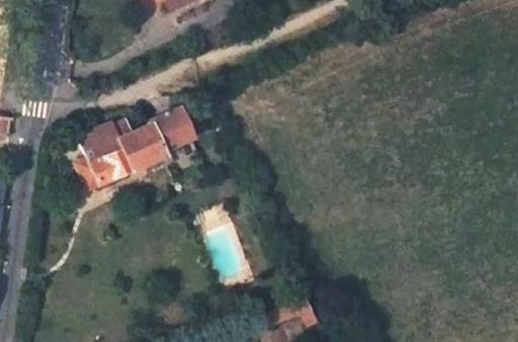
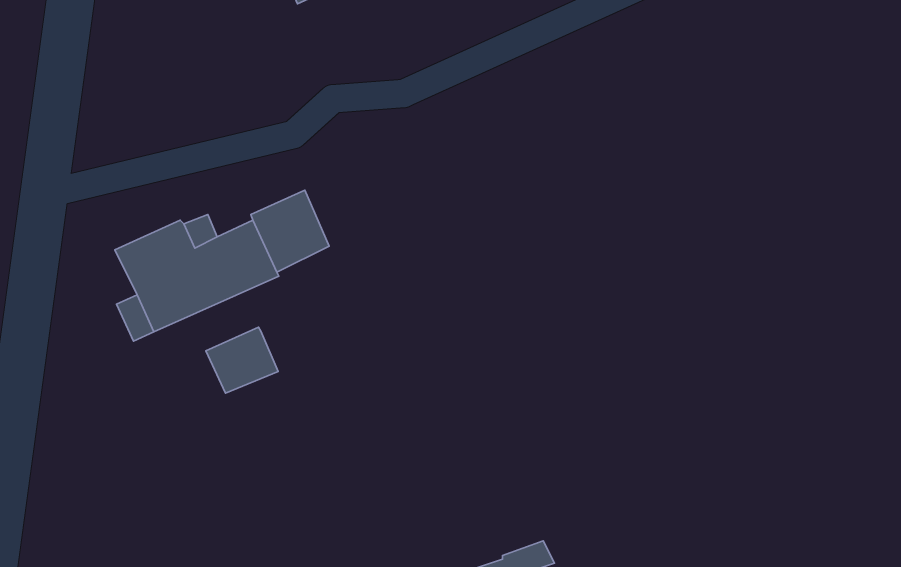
building: none -> [206,327,278,393]

